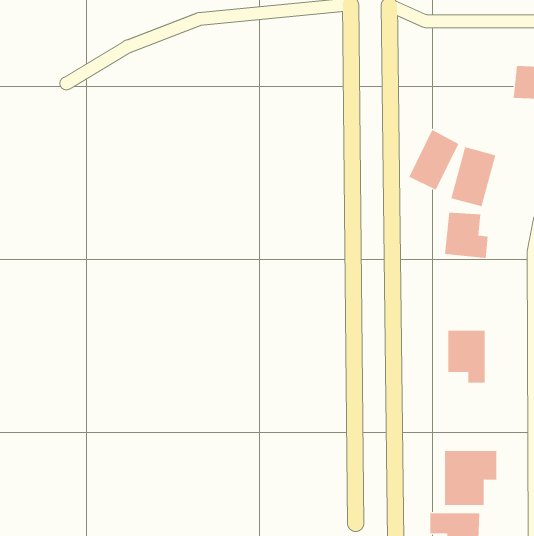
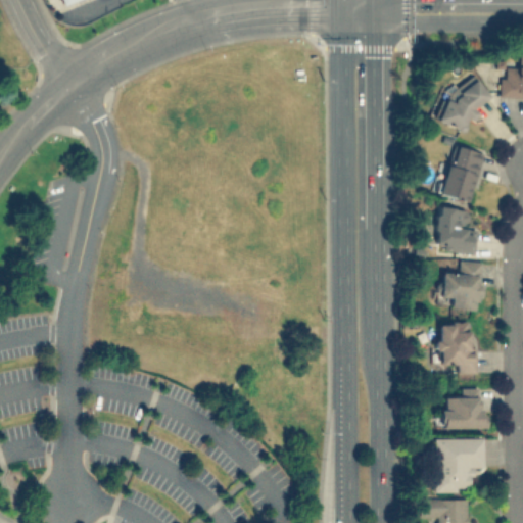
building: [409,129,459,190] -> [440,76,489,135]
building: none -> [443,262,484,311]
building: none -> [442,388,485,430]

